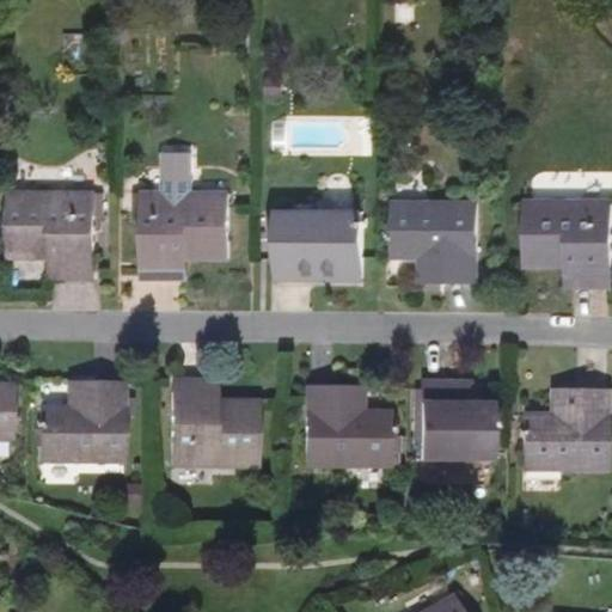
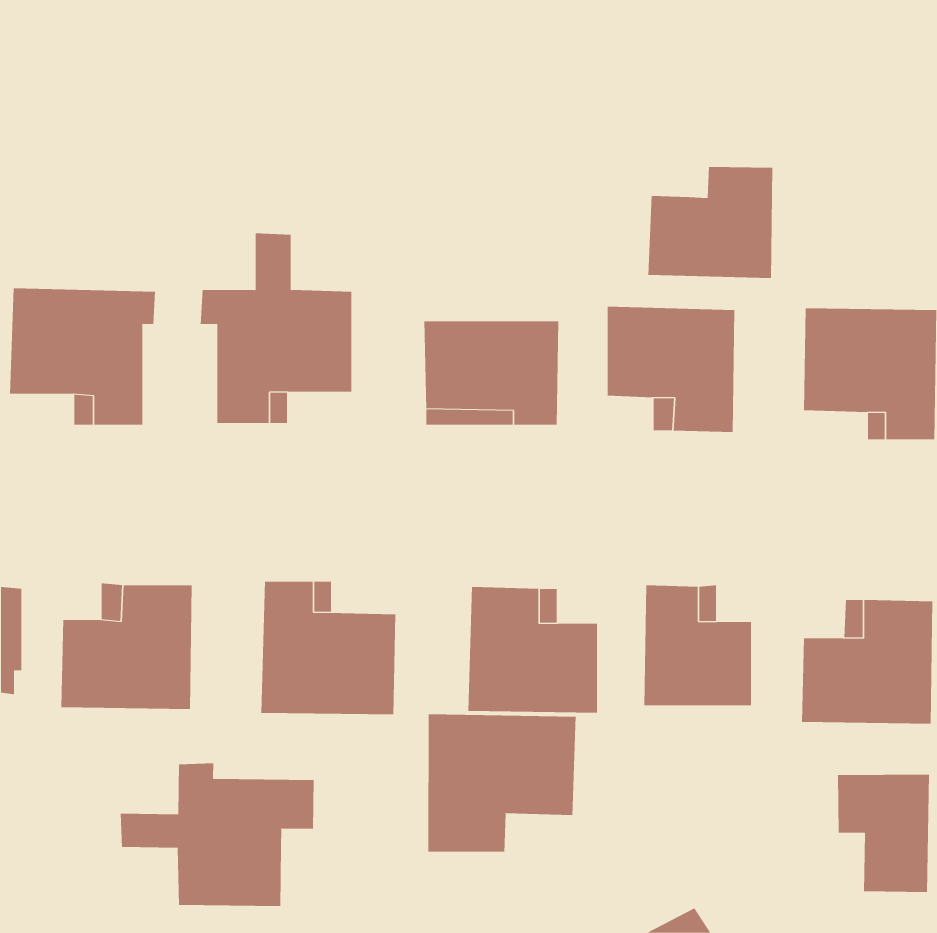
building: none -> [648,166,773,279]
building: none -> [428,714,576,852]
building: none -> [120,762,314,907]
building: none -> [838,774,929,893]

